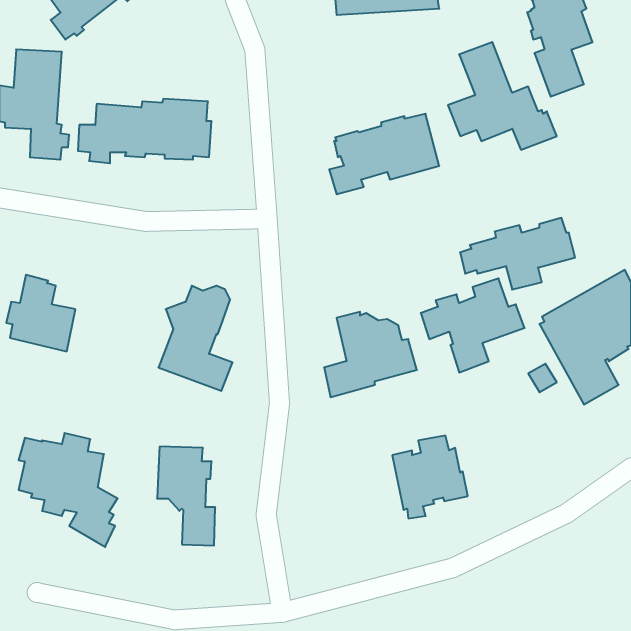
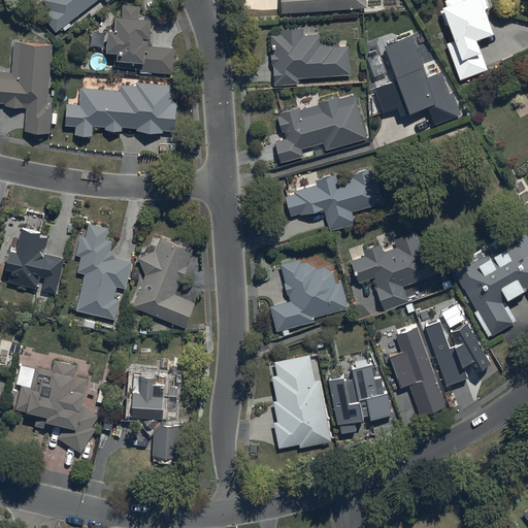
building: none -> [106,4,174,74]
building: none -> [270,29,351,85]
building: [460,218,575,290] -> [286,169,382,229]
building: none -> [75,224,130,319]
building: none -> [424,319,490,386]
building: none -> [388,326,446,416]
building: none -> [271,355,331,448]

